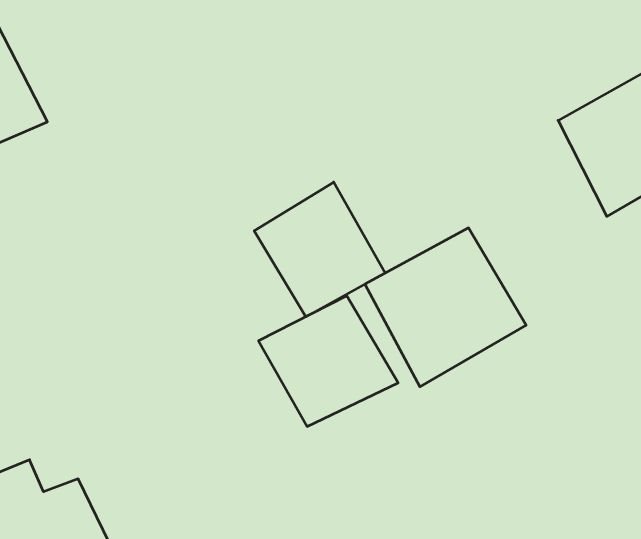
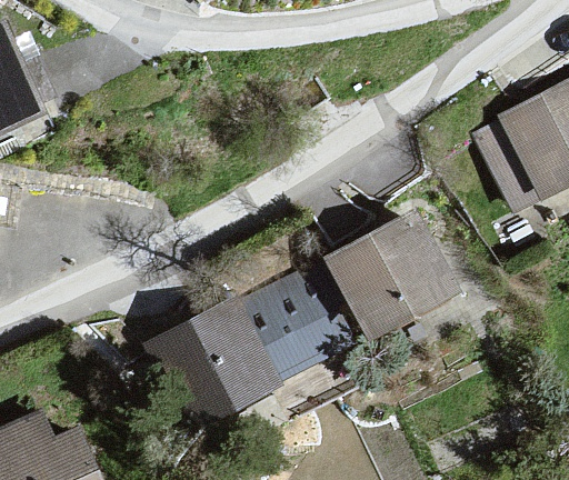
building: [254,182,385,317] -> none
building: none -> [144,307,274,424]

